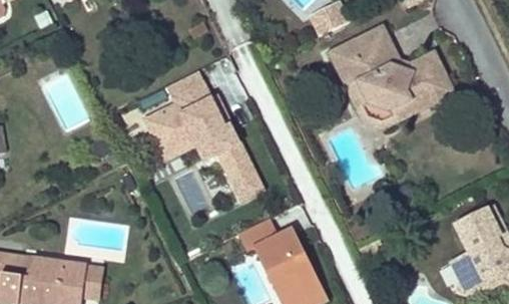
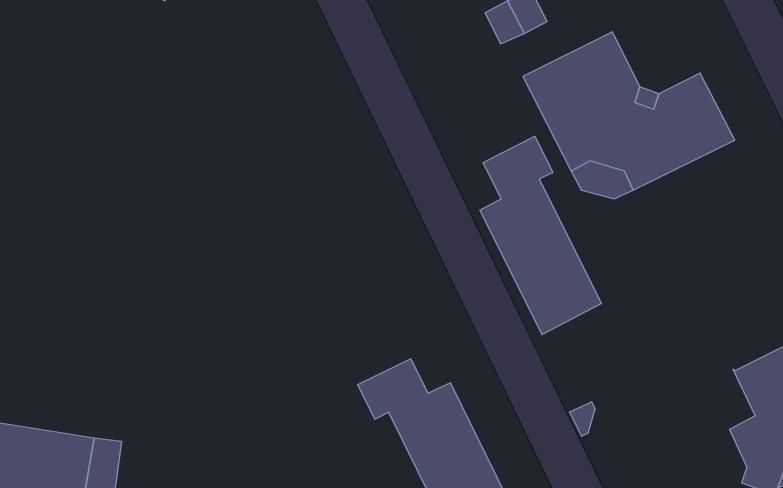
building: [143,68,262,198] -> none
building: none -> [480,136,601,335]

